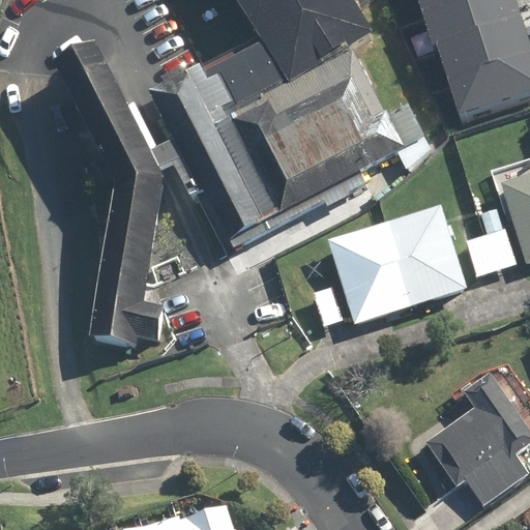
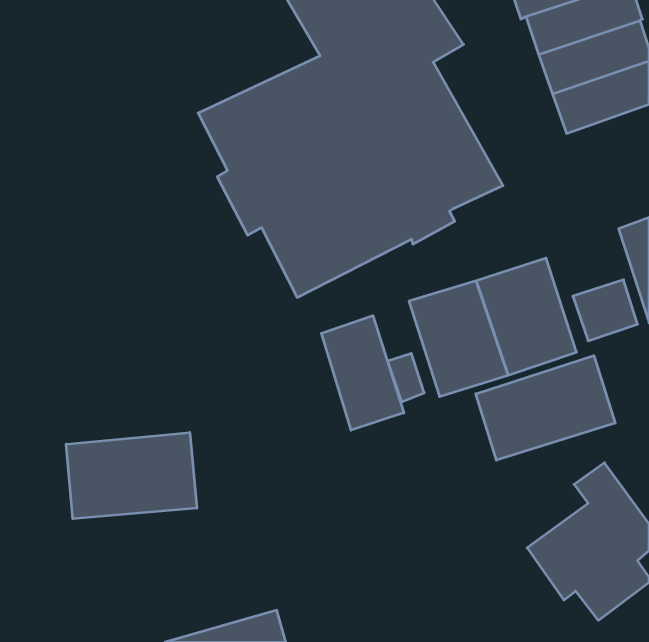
building: [54,65,151,341] -> none
building: none -> [321,316,404,430]
building: none -> [476,356,615,460]
building: none -> [66,432,197,519]

